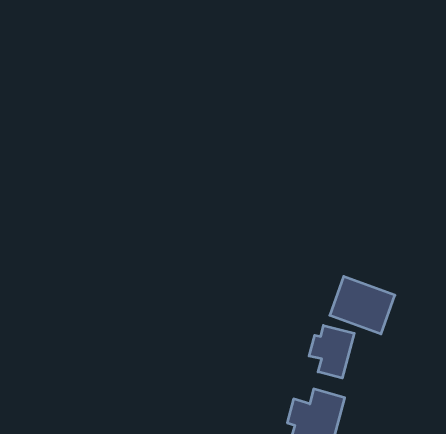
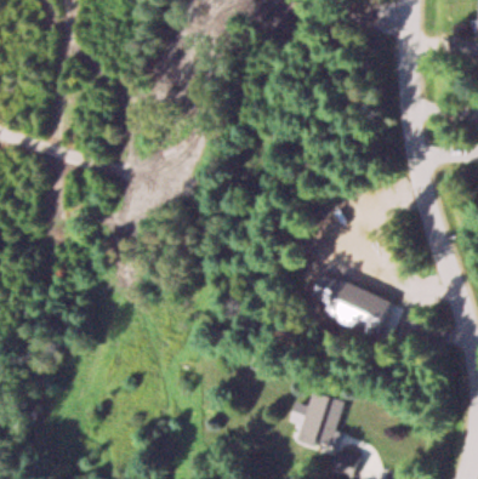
building: [309,325,354,378] -> none

